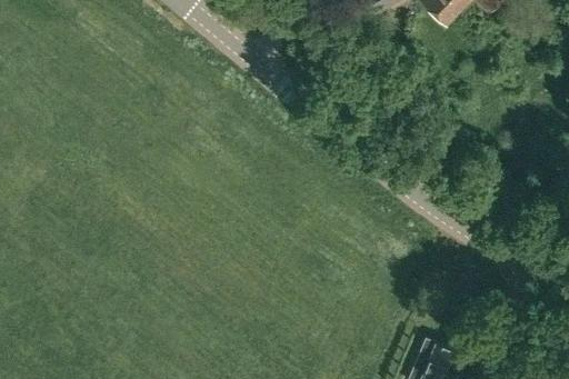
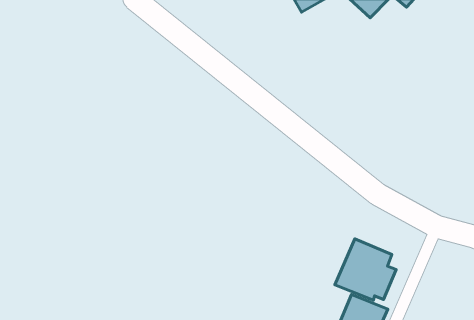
building: none -> [335,239,396,300]

